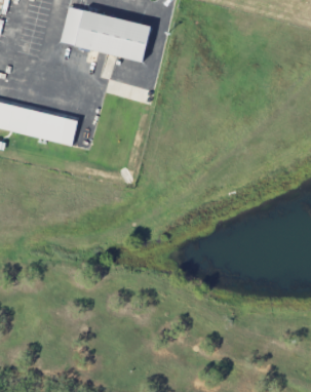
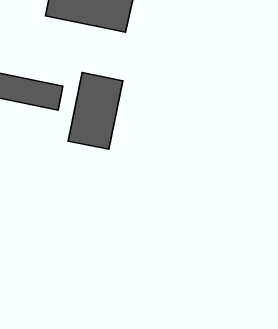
building: none -> [68,72,123,149]

